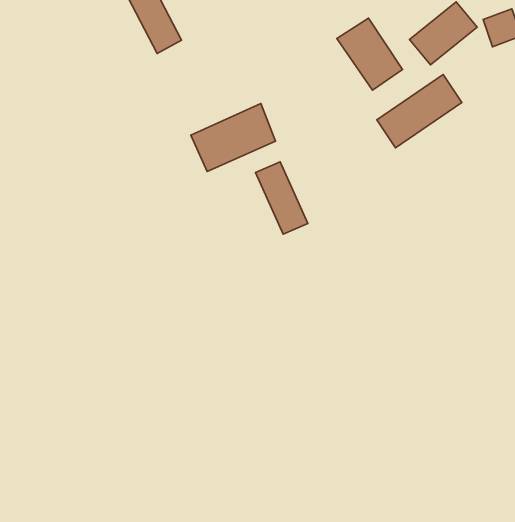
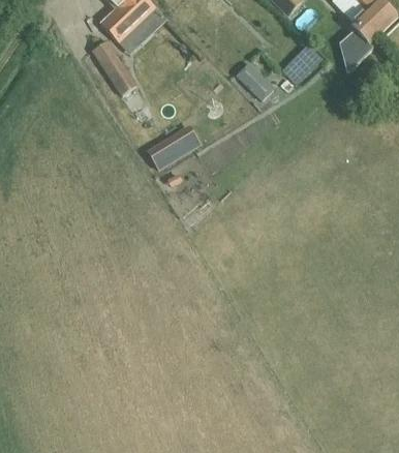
building: [377,75,462,148] -> none
building: [255,162,308,234] -> none

